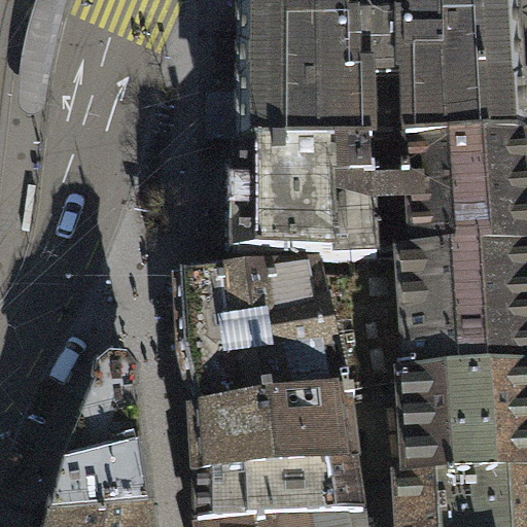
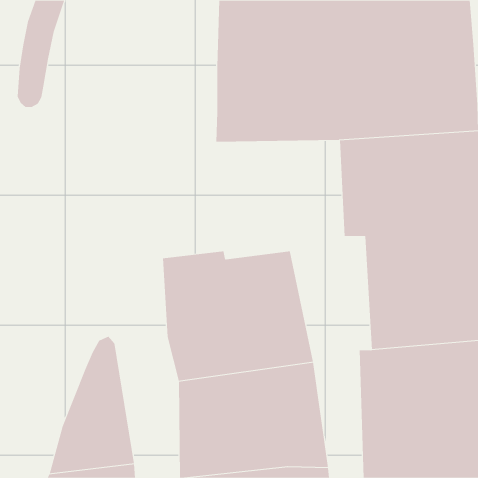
building: [237,154,379,264] -> none

